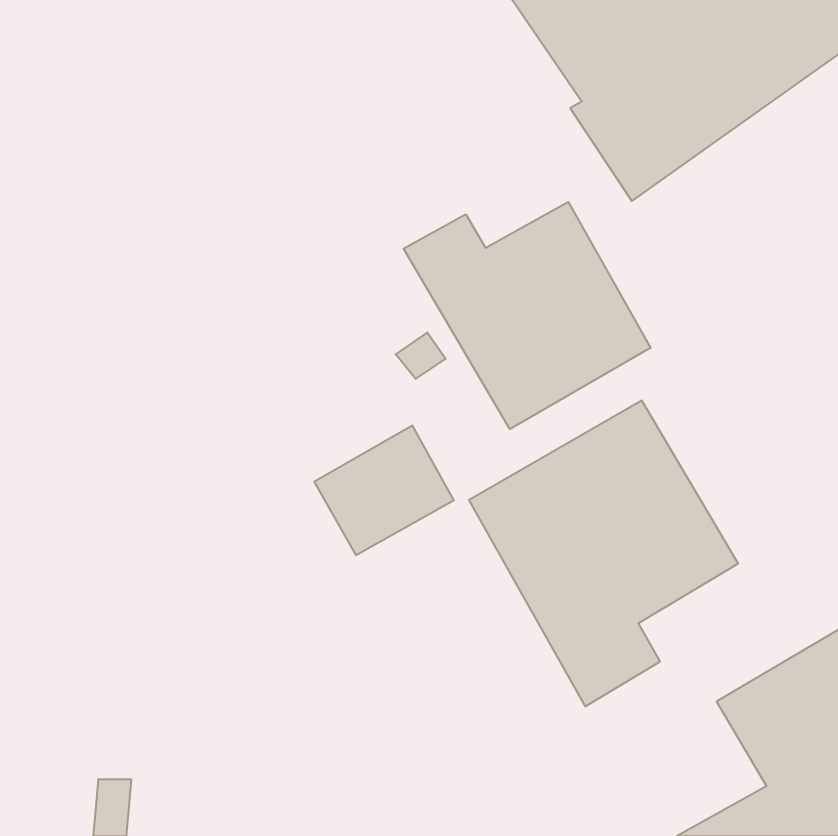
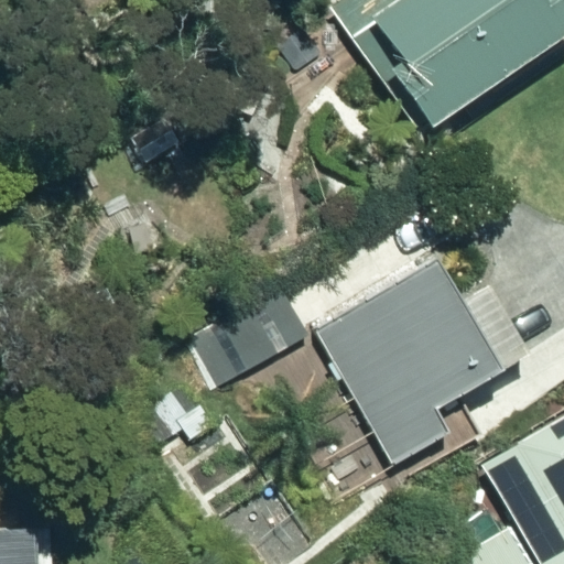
building: [404,202,651,429] -> none

